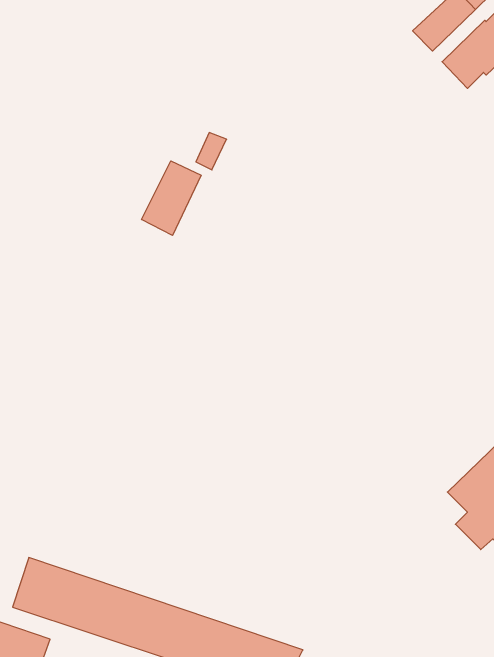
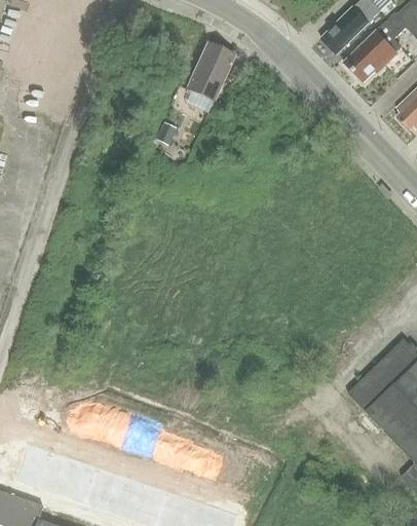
building: none -> [186,42,234,100]
building: [142,161,201,235] -> none

